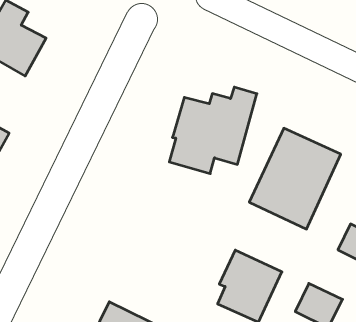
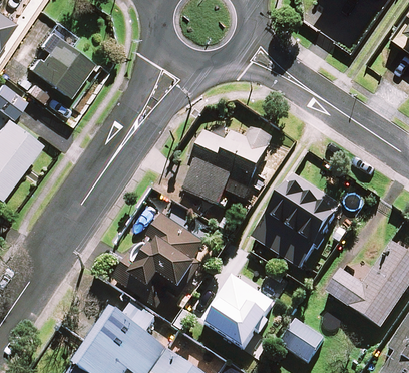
building: none -> [127,215,207,310]

